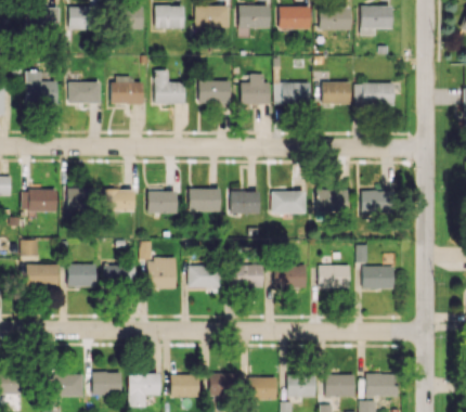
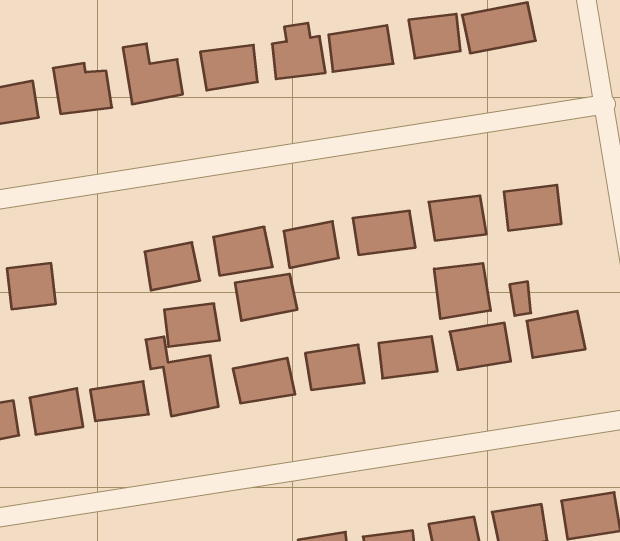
building: [104,189,134,211] -> [164,304,220,347]
building: none -> [235,274,297,321]
building: none -> [434,263,491,319]

